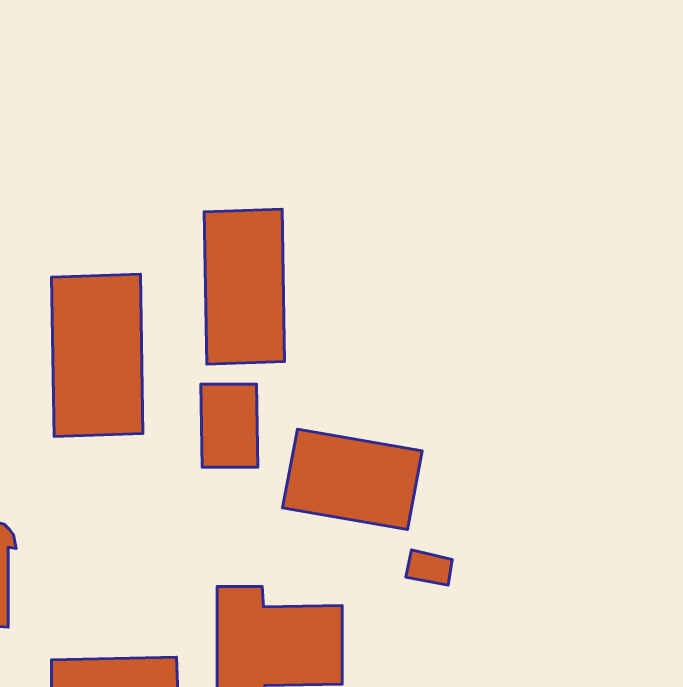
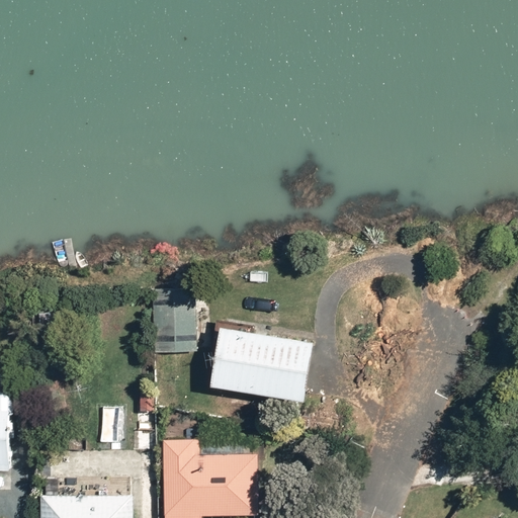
building: [204,209,285,364] -> none
building: [52,274,143,437] -> none

